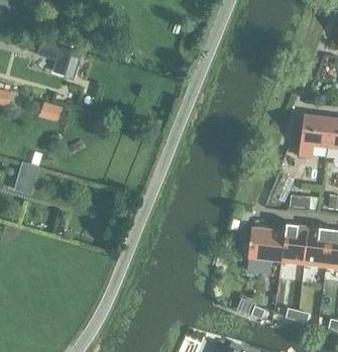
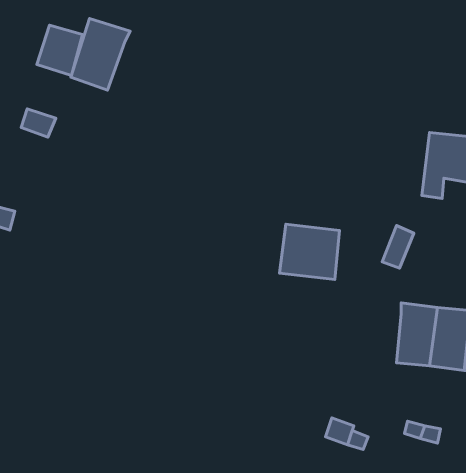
building: none -> [71,18,130,90]
building: [246,228,285,263] -> [280,224,340,279]

